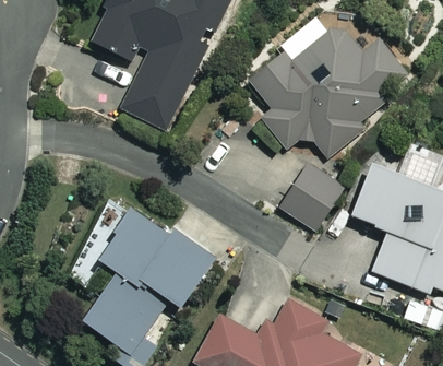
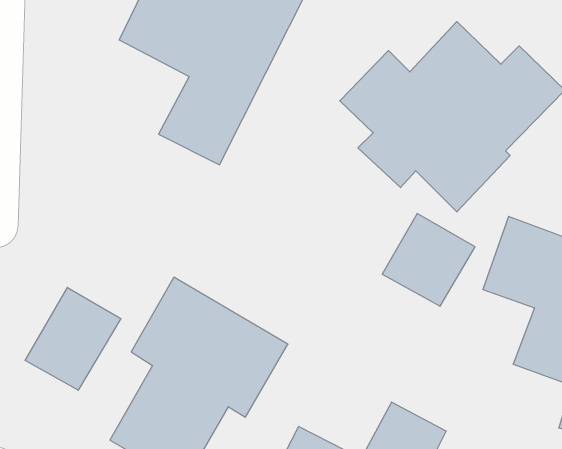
building: none -> [25,287,121,390]

